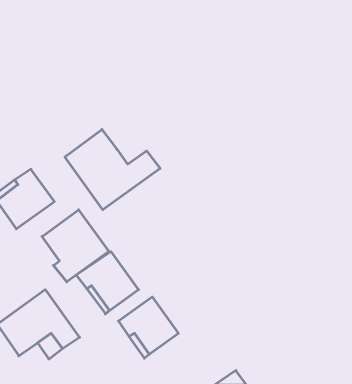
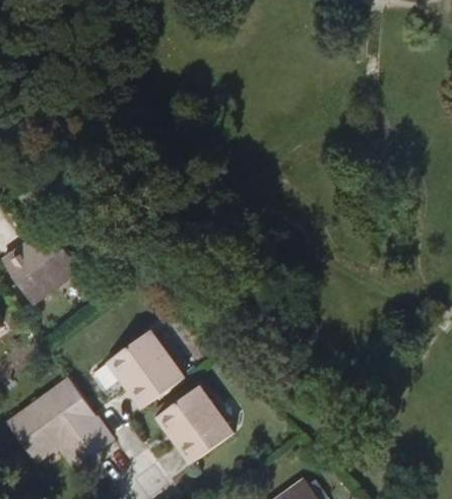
building: [65,129,160,210] -> none
building: [42,210,109,282] -> none

